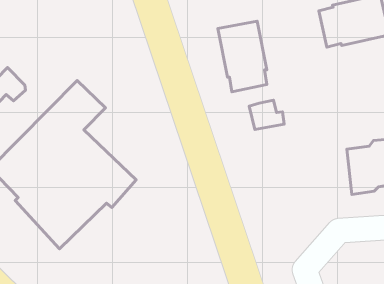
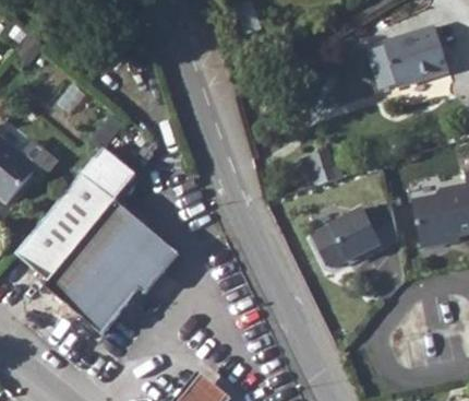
building: [218,21,267,92] -> none
building: none -> [312,204,397,267]

